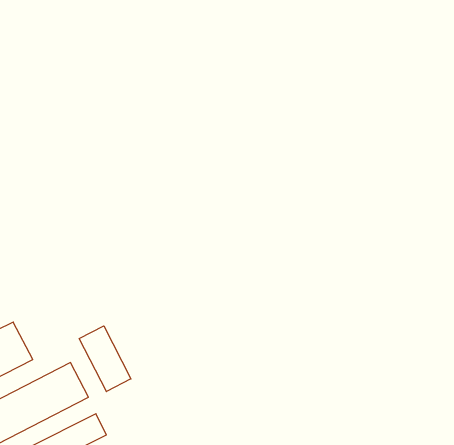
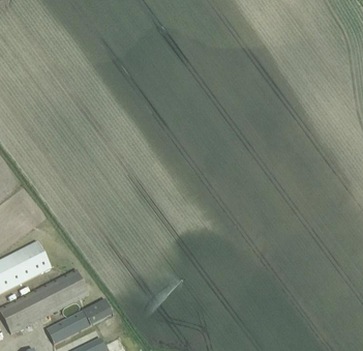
building: [79,326,131,392] -> none

